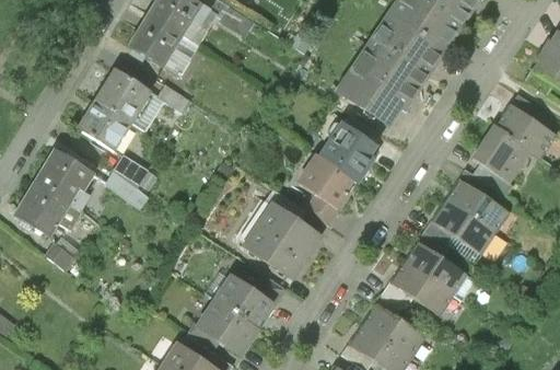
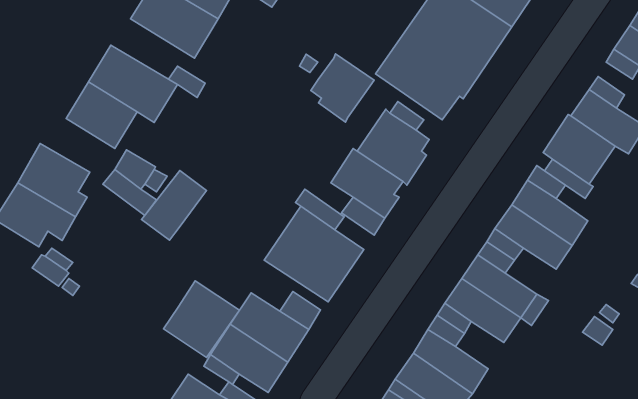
building: none -> [311,54,374,122]
building: none -> [142,170,206,240]
building: none -> [164,281,239,358]

